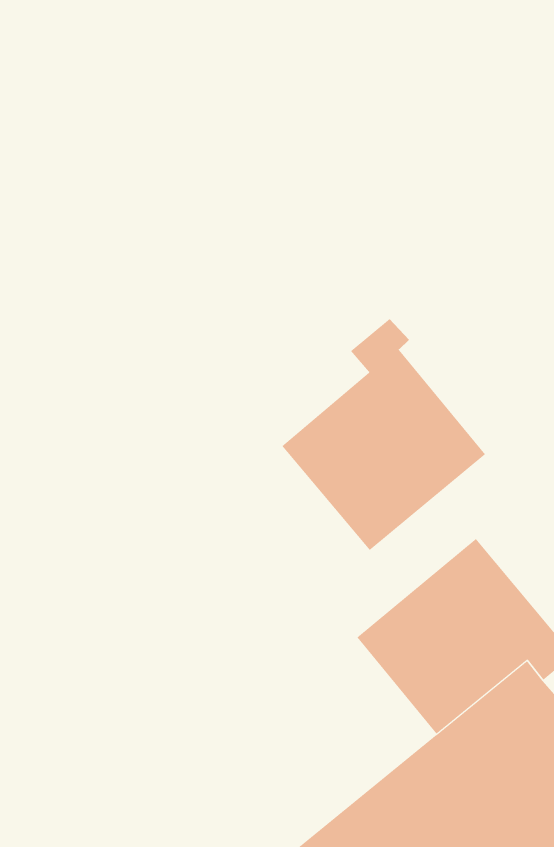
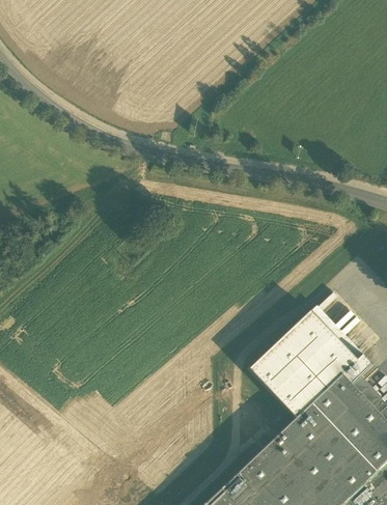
building: [282,318,486,551] -> none

